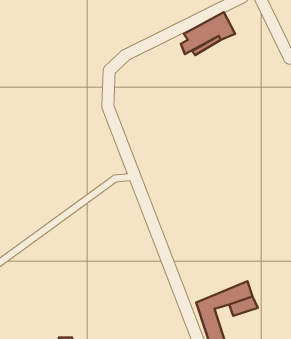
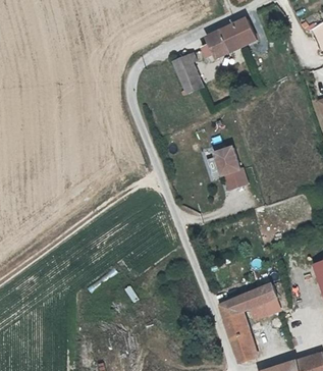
building: none -> [173,55,202,94]
building: none -> [204,145,245,191]

